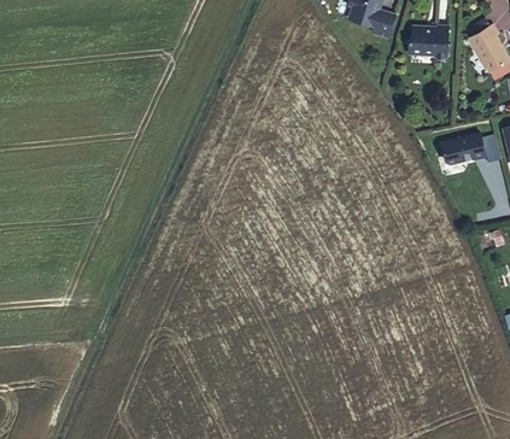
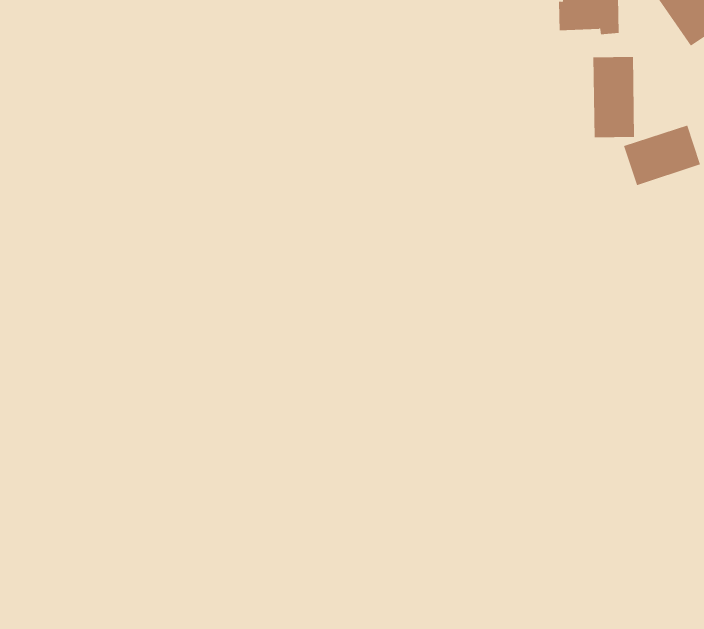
building: none -> [593,56,635,138]

